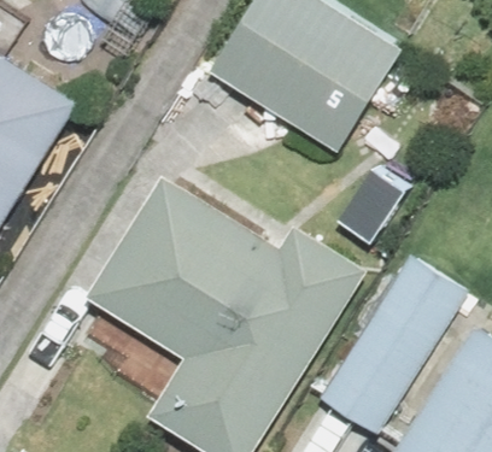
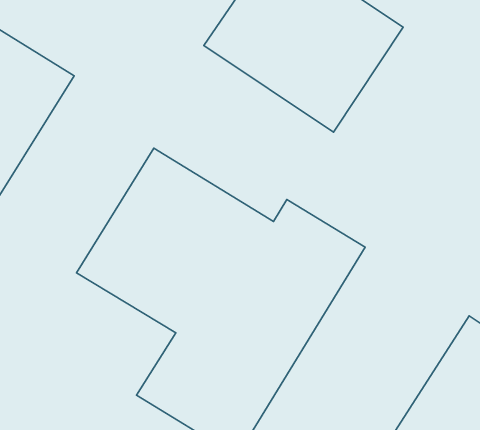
building: [321,260,465,432] -> none

